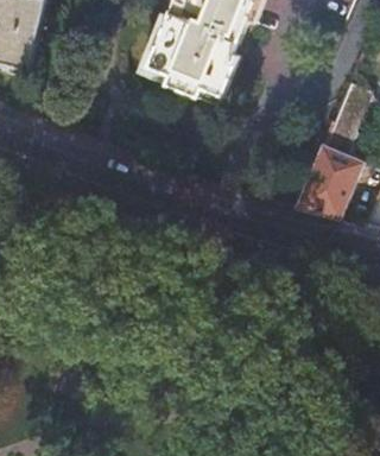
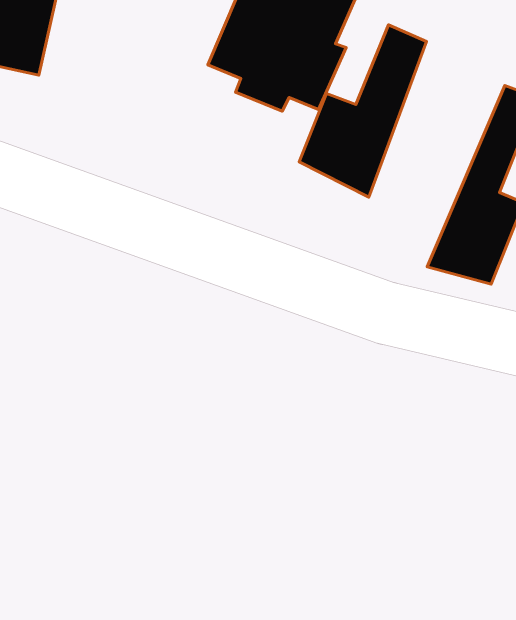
building: none -> [299,25,427,197]

